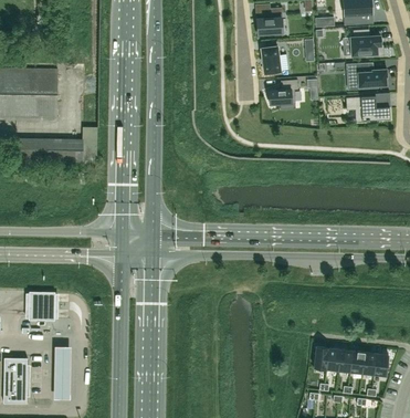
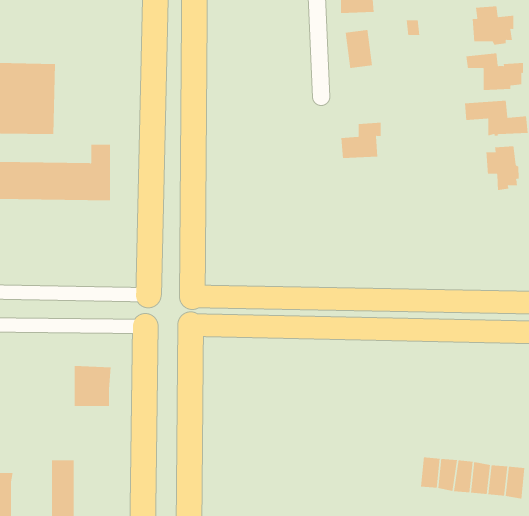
building: [269,80,297,105] -> [341,122,381,158]
building: none -> [486,145,519,191]
building: [29,292,55,321] -> [74,366,112,407]

